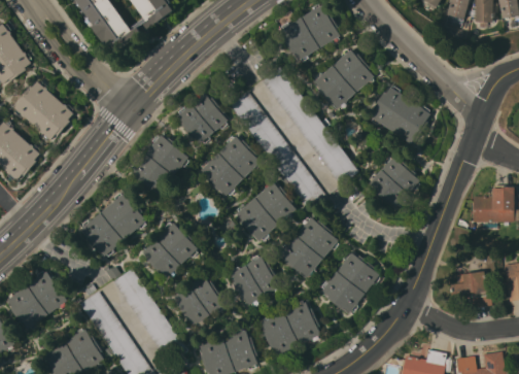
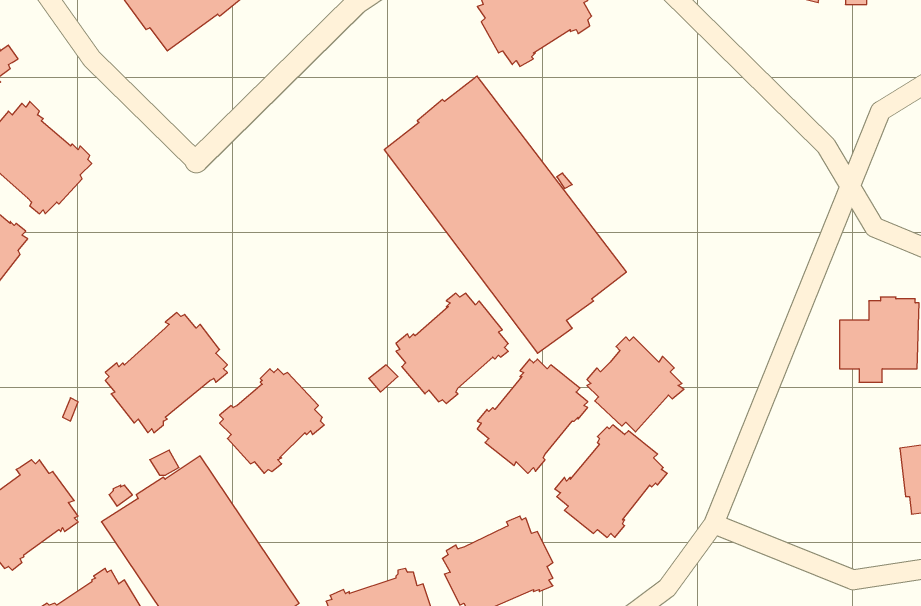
building: [314,48,374,108] -> none
building: [370,86,429,142] -> none
building: [177,92,228,143] -> none
building: [130,134,188,194] -> none
building: [201,135,261,195] -> none
building: [369,156,420,206] -> [587,337,684,432]
building: [230,254,278,305] -> none
building: [450,270,491,307] -> none
building: [173,274,223,325] -> none

